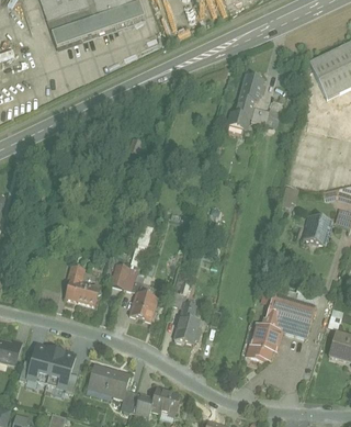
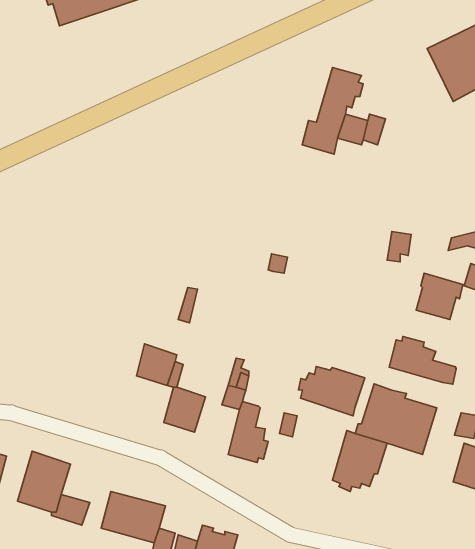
building: none -> [389,336,456,384]
building: [65,265,101,307] -> none
building: none -> [299,366,365,416]

